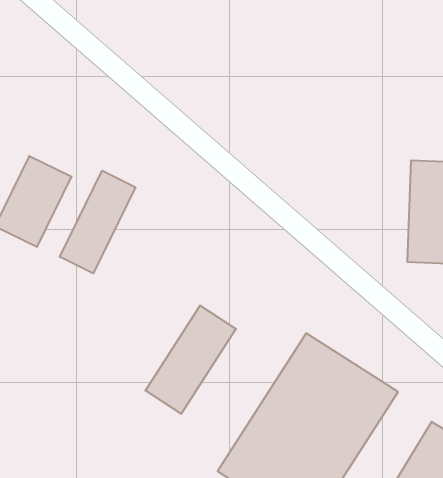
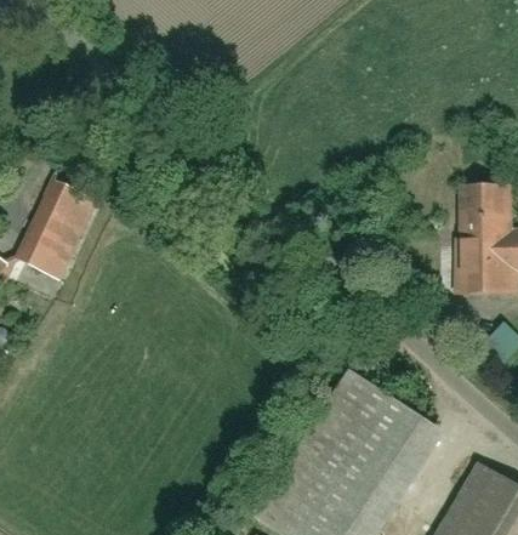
building: [60,171,135,273] -> none
building: [145,305,236,414] -> none

